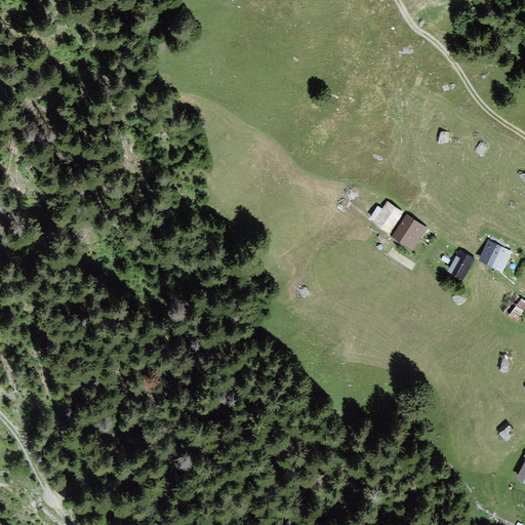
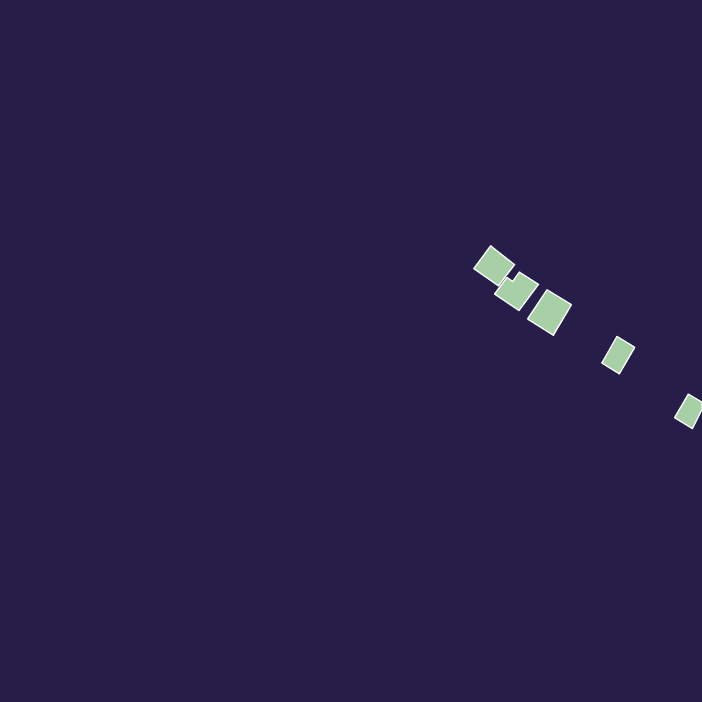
building: none -> [474,246,515,286]
building: [480,241,511,270] -> none

